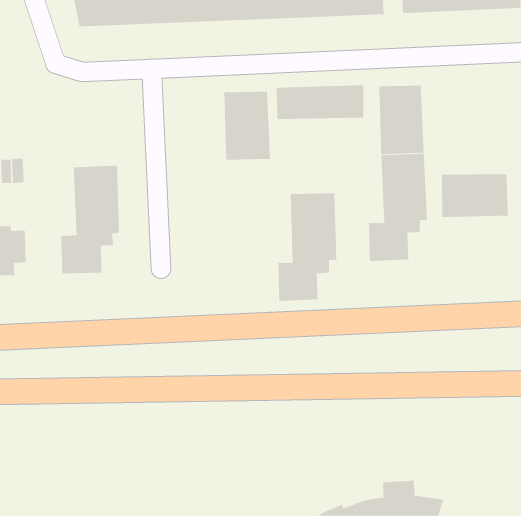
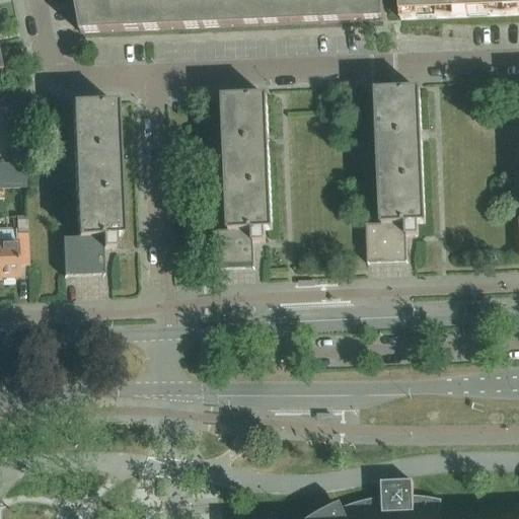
building: [276,84,364,120] -> none
building: none -> [70,96,117,165]
building: [442,173,508,218] -> none
building: [278,193,337,301] -> [211,157,270,265]

